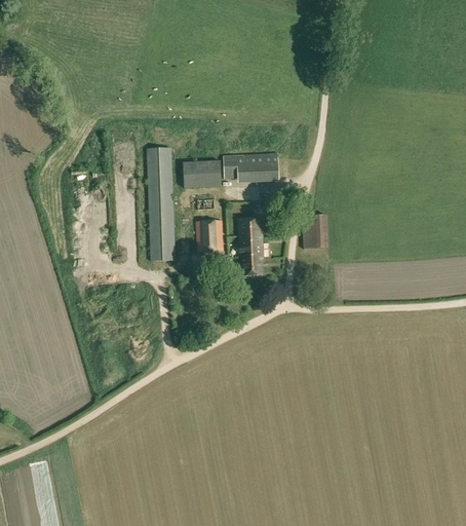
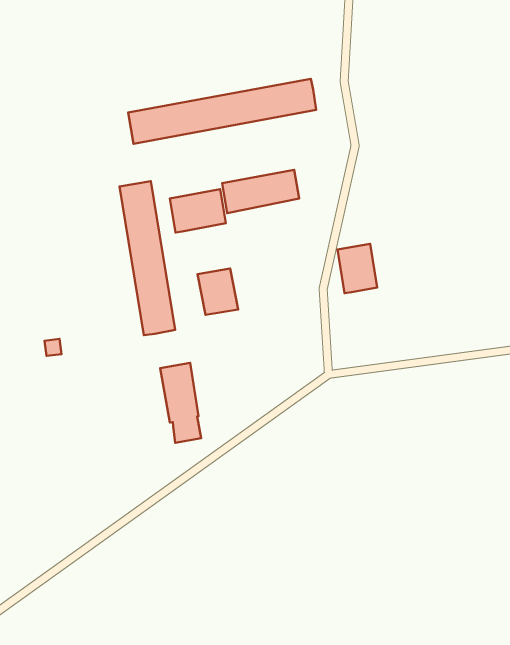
building: none -> [128,79,316,144]
building: [238,218,262,275] -> [160,363,201,443]

